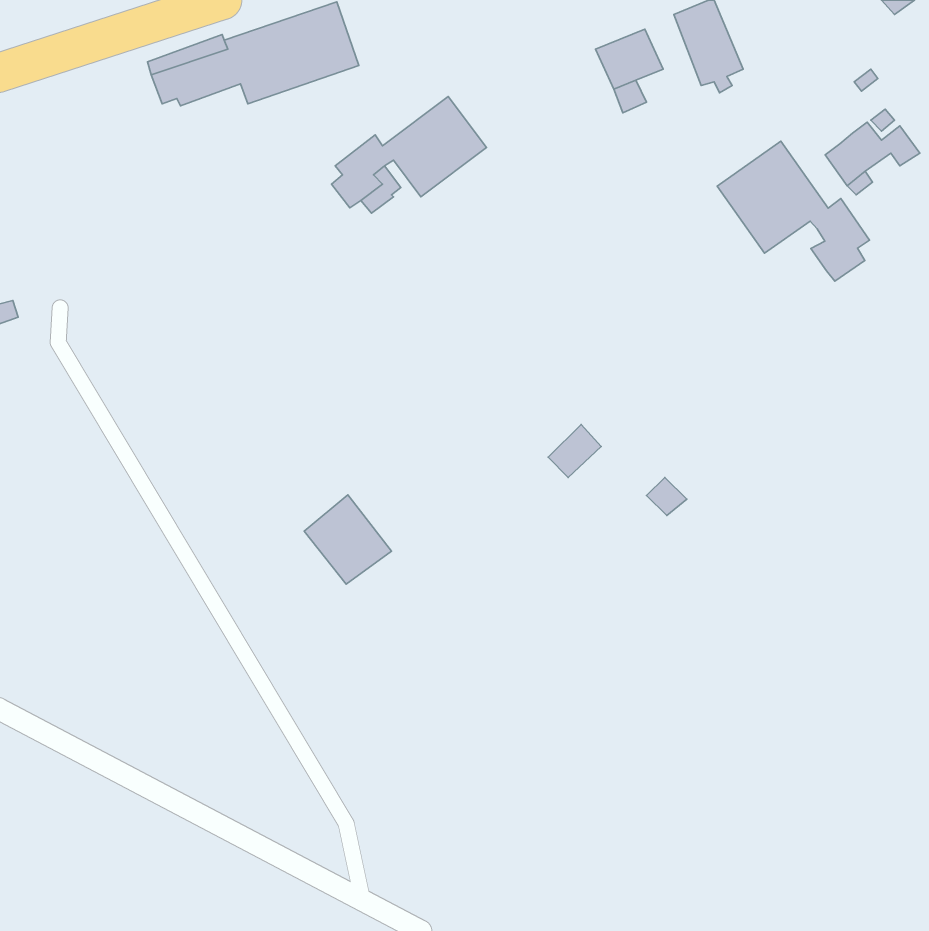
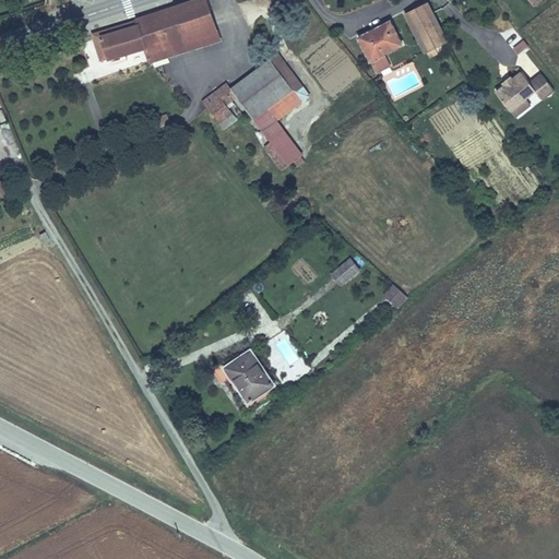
building: none -> [251,51,309,168]
building: [717,141,869,281] -> none
building: [304,495,392,584] -> [222,346,274,400]

